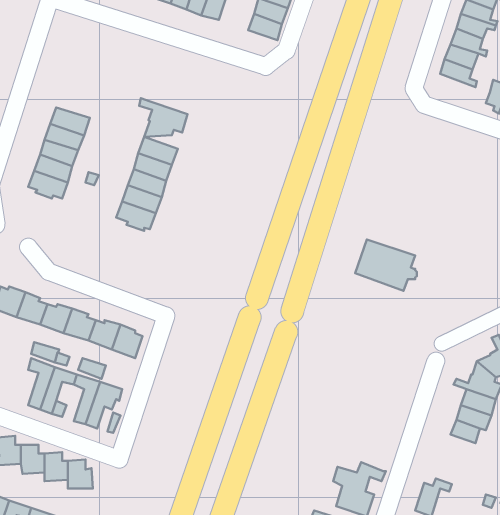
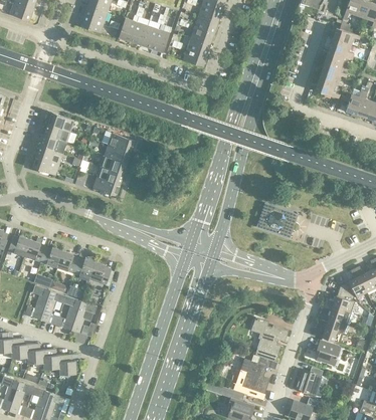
building: [139,98,187,137] -> none
building: none -> [250,318,288,362]
building: none -> [315,340,340,365]

